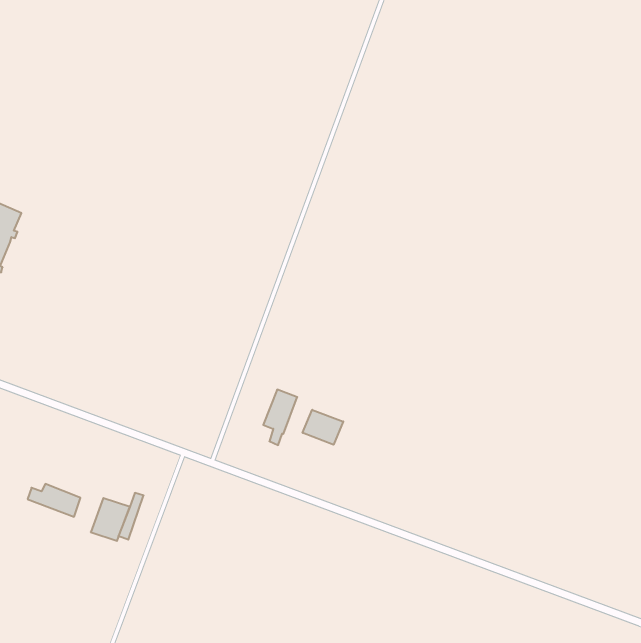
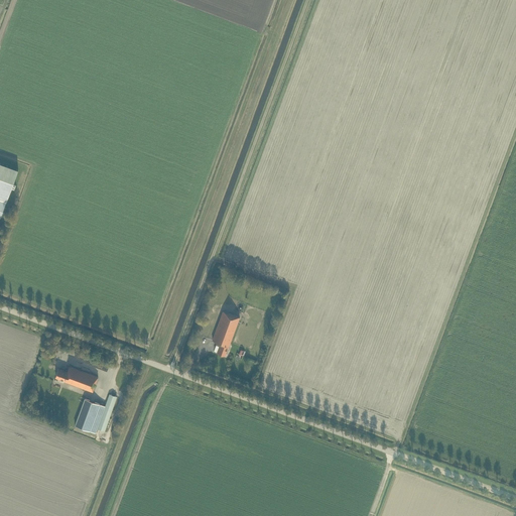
building: [303,410,343,445] -> none
building: [28,484,80,517] -> [53,367,96,393]

